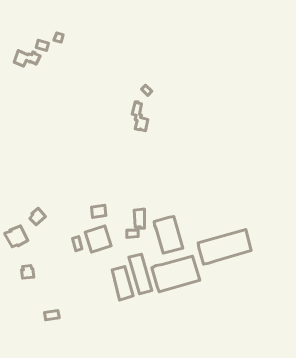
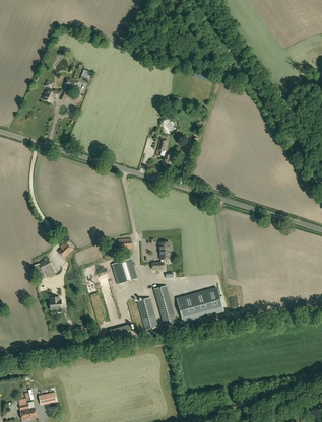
building: [154,216,183,253] -> none
building: [198,229,251,264] -> none

